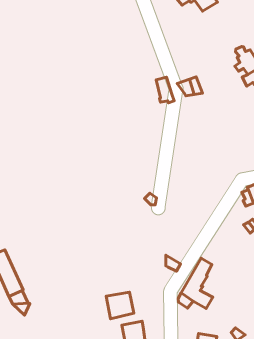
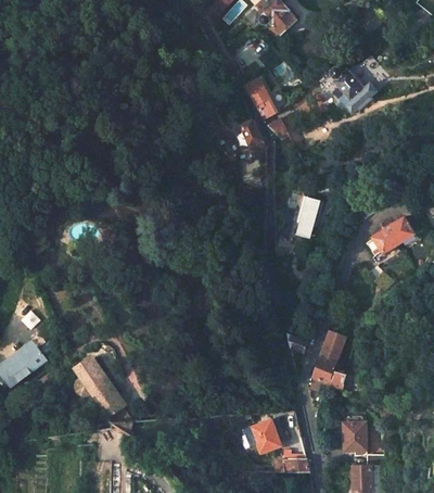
building: none -> [245,77,277,118]
building: none -> [296,194,323,226]
building: [106,292,134,319] -> none

